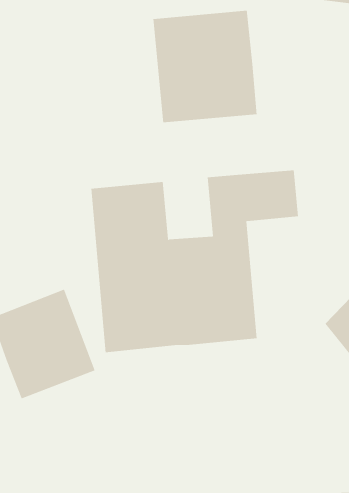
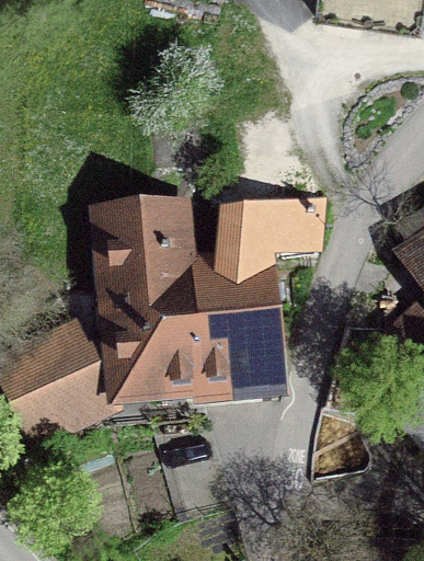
building: [153,10,257,123] -> none

